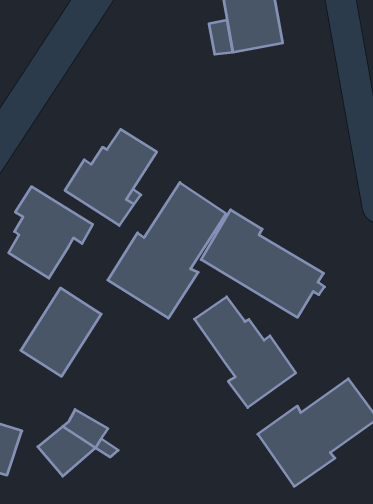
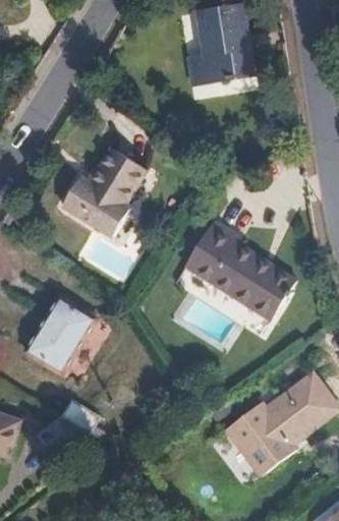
building: [108,182,226,318] -> none
building: [9,187,93,278] -> none
building: [194,297,296,408] -> none

